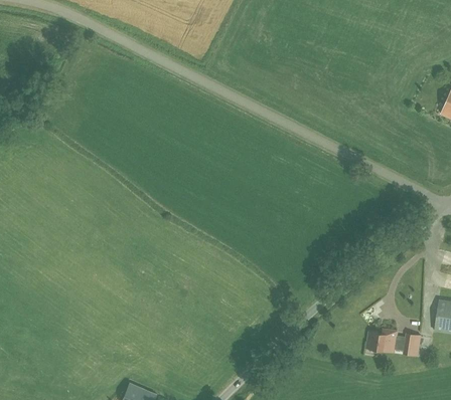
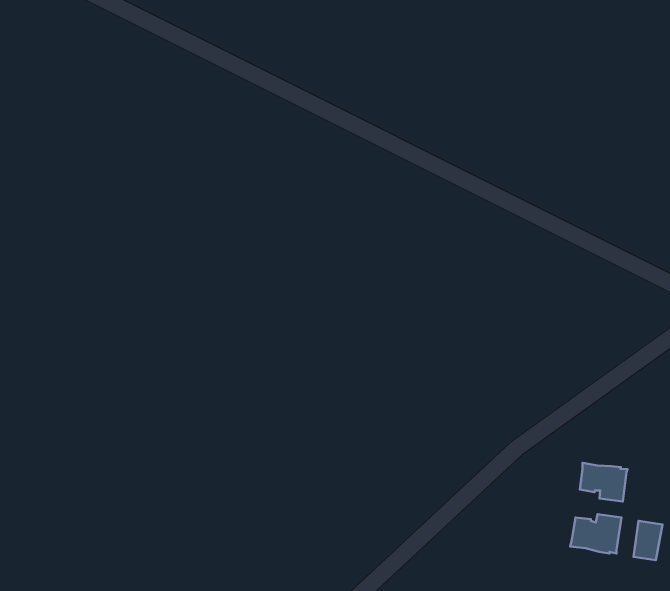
building: none -> [580,463,627,502]

